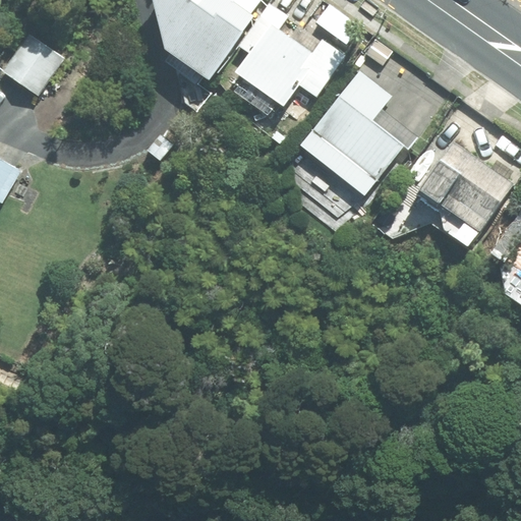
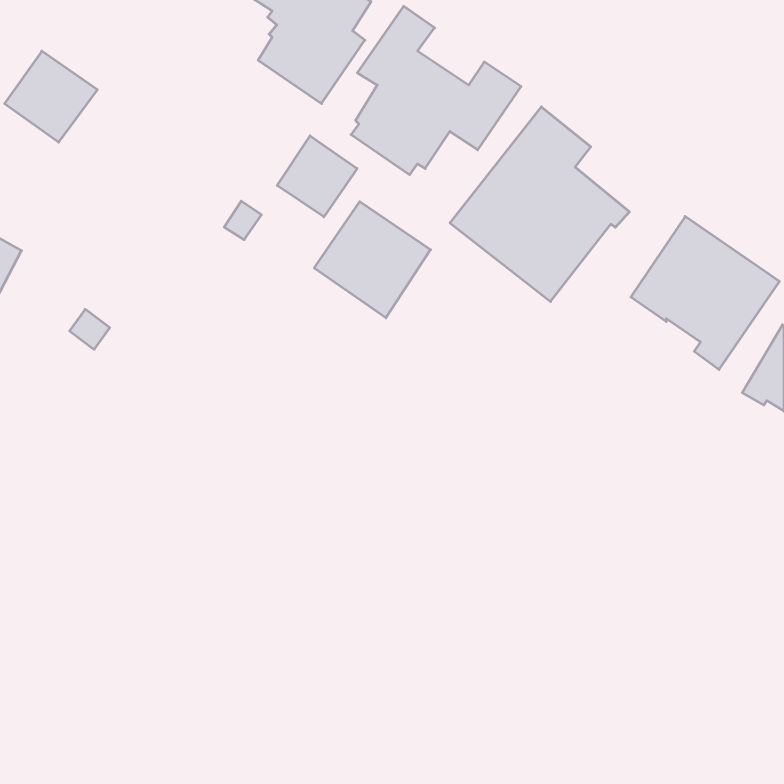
building: none -> [277,136,357,217]
building: none -> [314,202,431,318]

